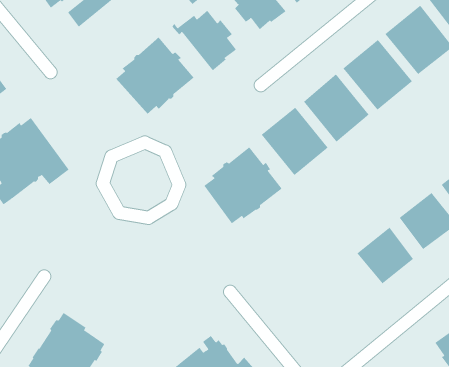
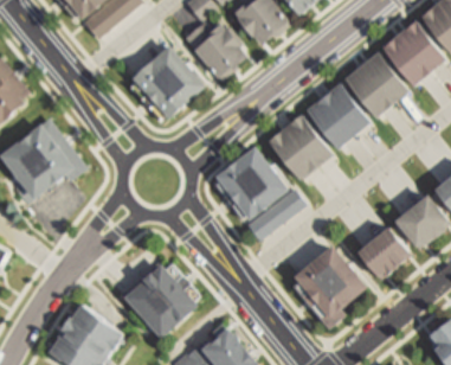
building: none -> [247,191,303,239]
building: none -> [295,249,365,328]
building: none -> [123,264,198,335]

